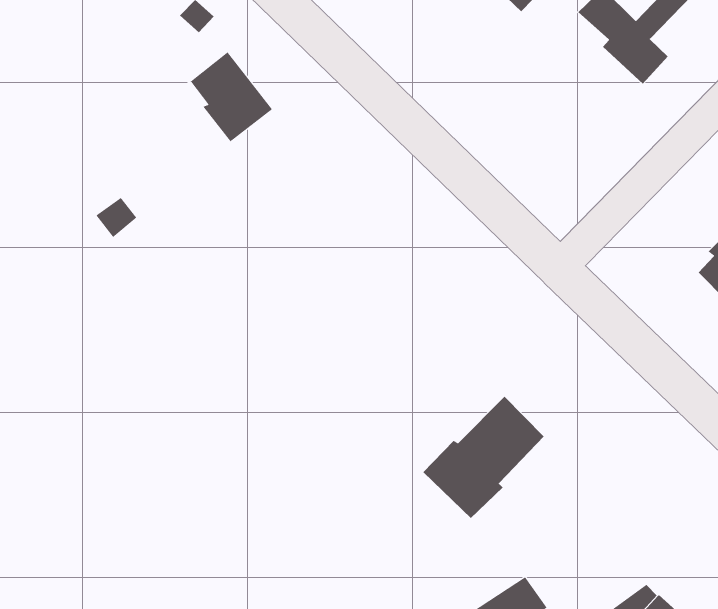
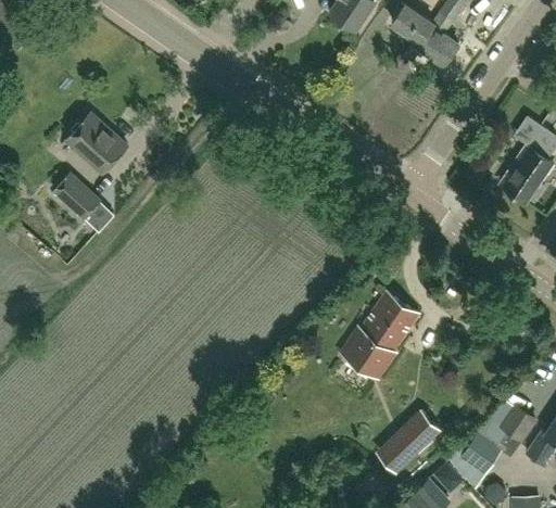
building: [176,52,273,142] -> [59,113,126,174]
building: none -> [52,174,99,219]

